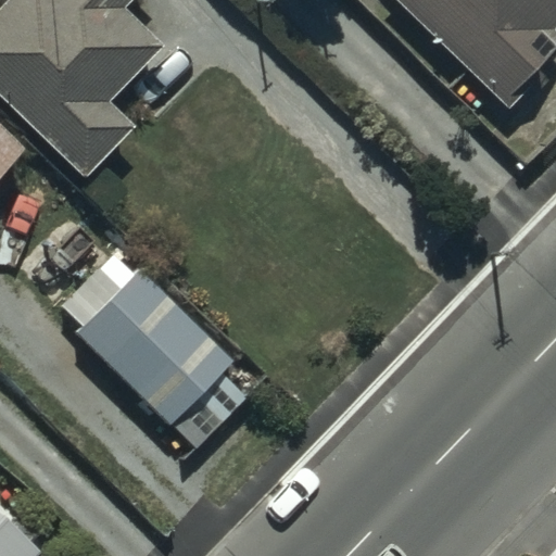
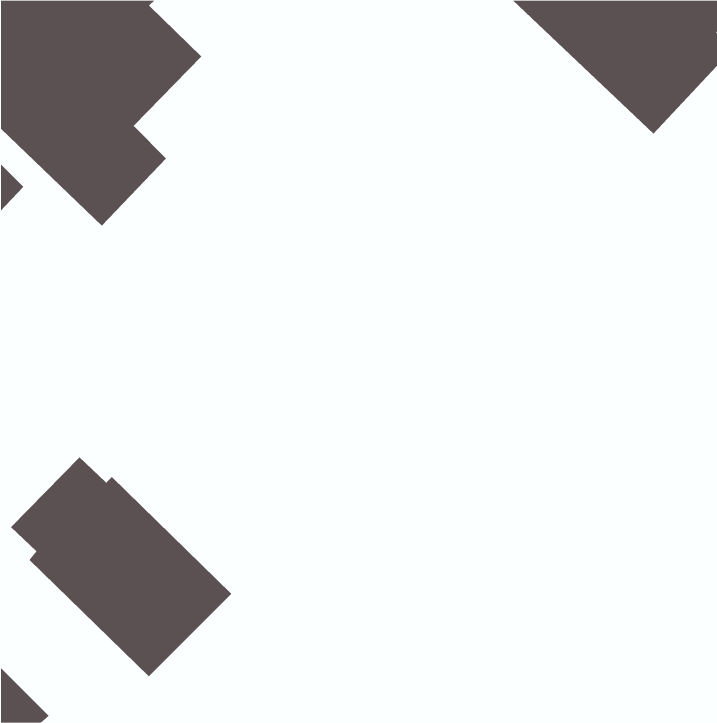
building: [61,251,231,420] -> [10,456,232,677]

